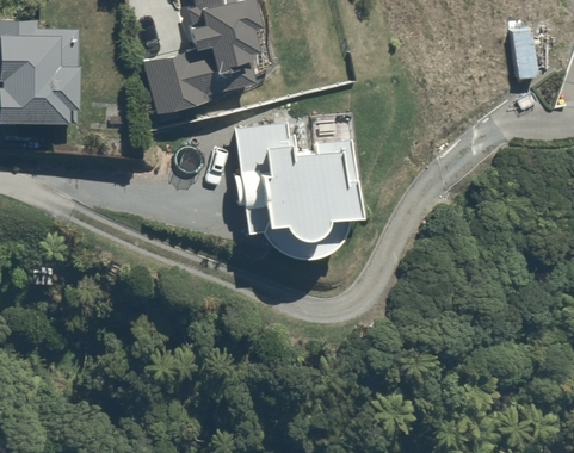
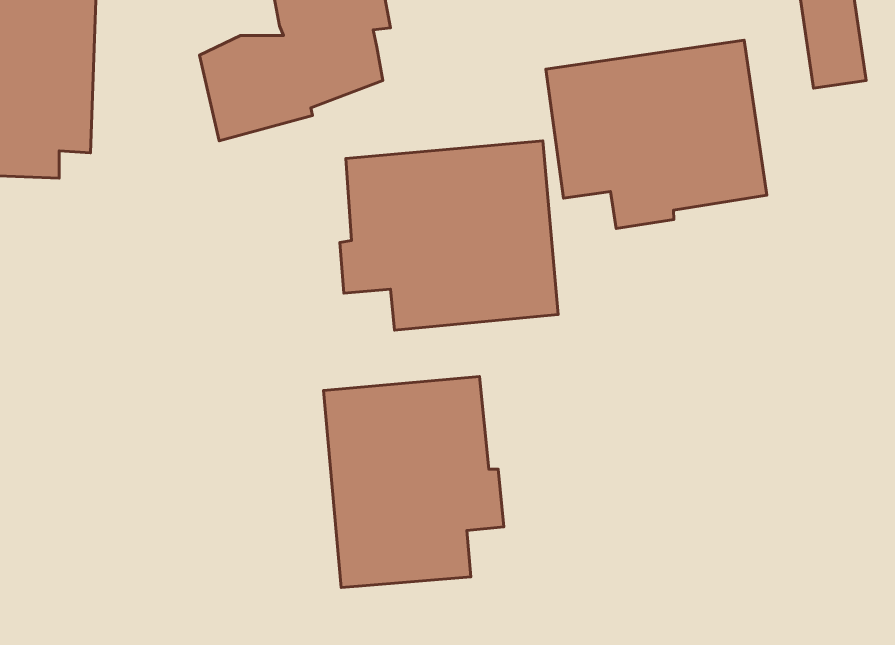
building: none -> [546,40,767,228]
building: none -> [323,376,504,588]

